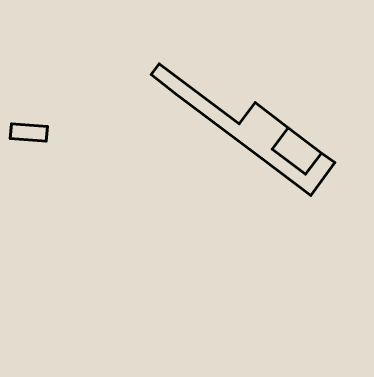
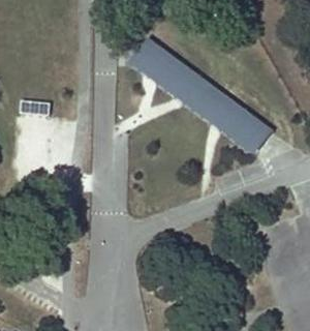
building: none -> [135,36,210,99]

